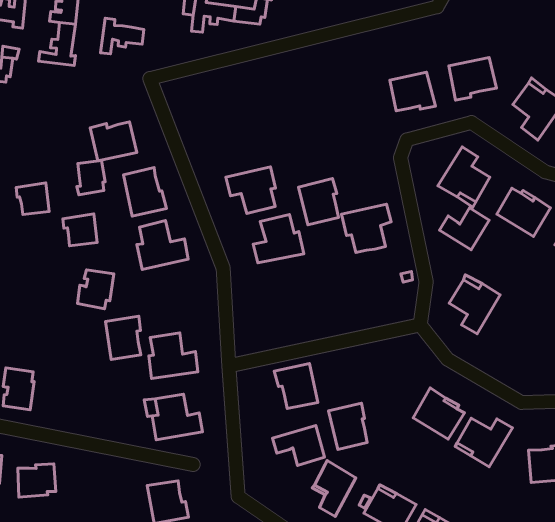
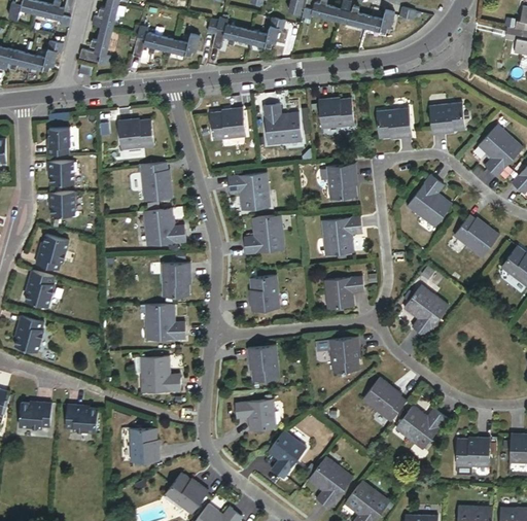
building: none -> [169,36,200,60]
building: none -> [318,97,353,128]
building: none -> [262,103,301,143]
building: none -> [210,107,245,140]
building: [77,161,105,195] -> [46,130,71,157]
building: [298,178,338,225] -> [325,162,357,199]
building: [440,208,489,250] -> none
building: [63,214,97,246] -> [47,194,74,218]
building: [77,270,114,309] -> [35,237,69,272]
building: none -> [322,276,362,308]
building: none -> [247,275,279,311]
building: none -> [24,272,54,308]
building: [105,316,141,360] -> [161,262,189,296]
building: [328,403,367,450] -> [329,334,359,371]
building: none -> [66,405,98,432]

